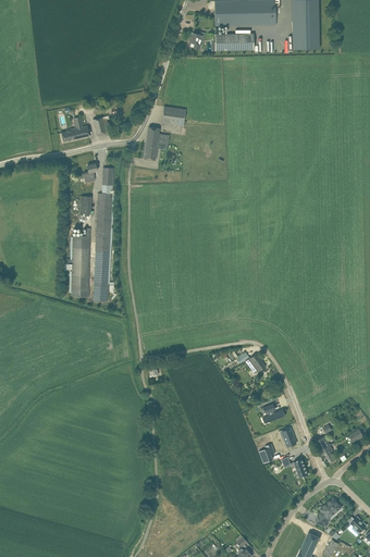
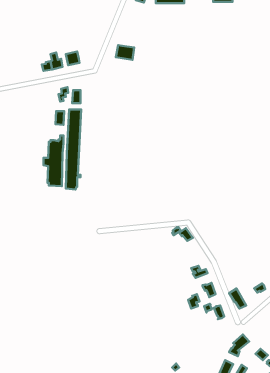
building: [144,127,169,160] -> none

